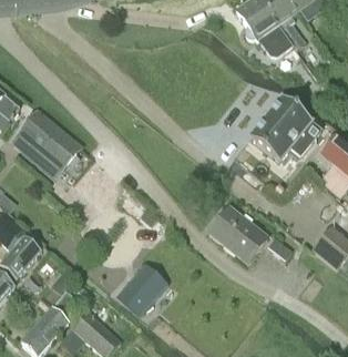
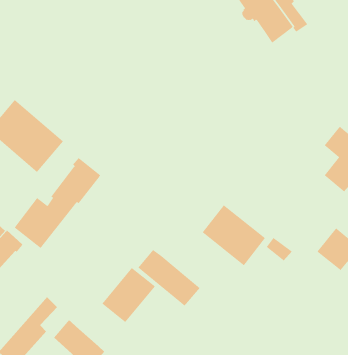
building: [249,96,321,161] -> none
building: none -> [14,157,101,249]
building: none -> [137,249,200,306]

